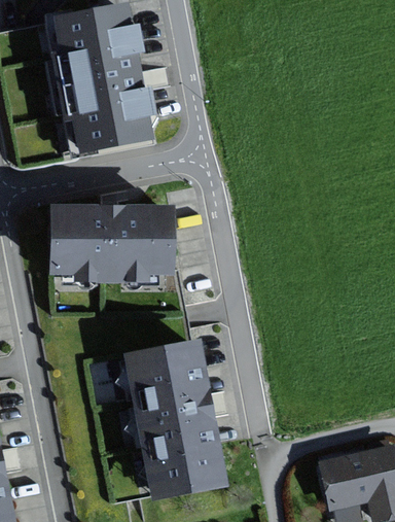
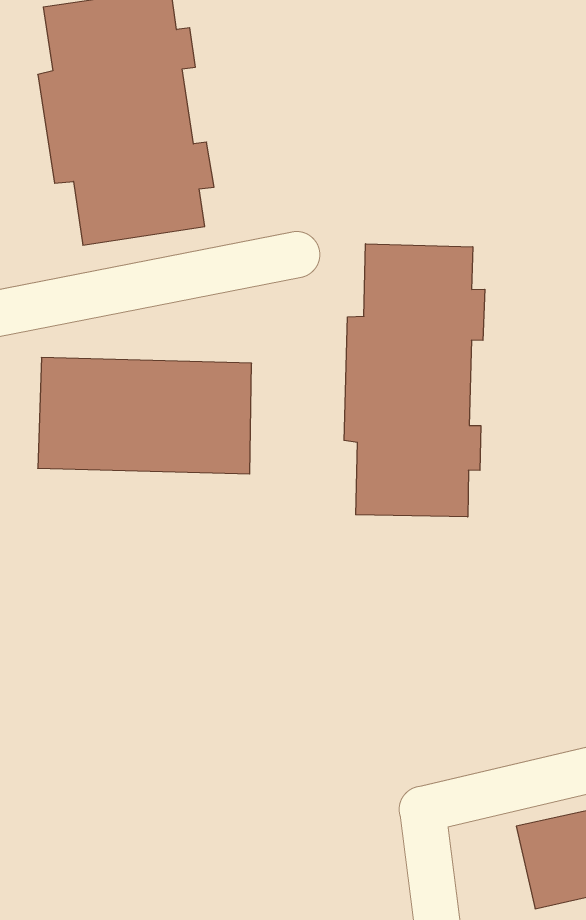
building: none -> [344,244,485,517]
building: [129,344,225,495] -> none

